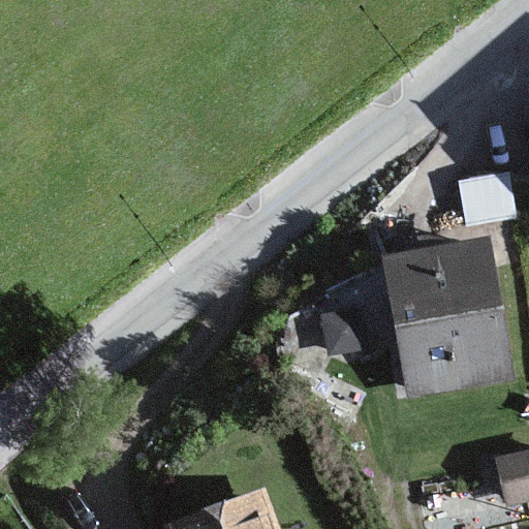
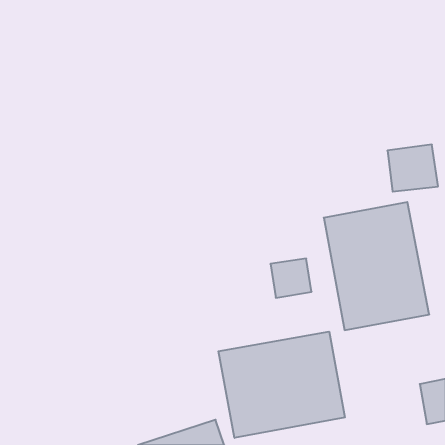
building: none -> [218,332,345,438]

